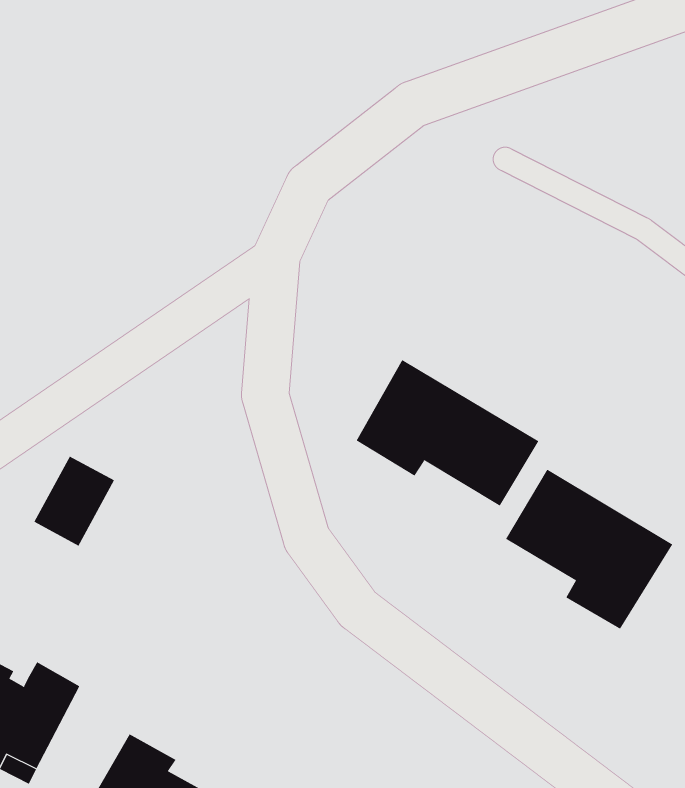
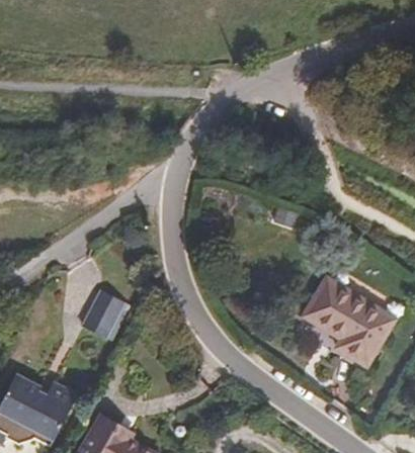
building: [356,359,539,506] -> none
building: [33,456,115,546] -> [82,289,126,338]

